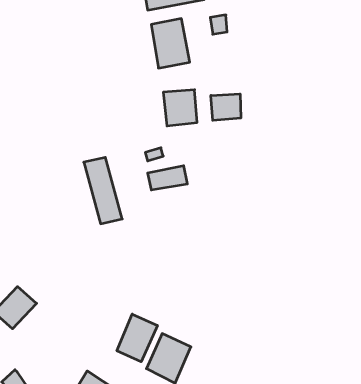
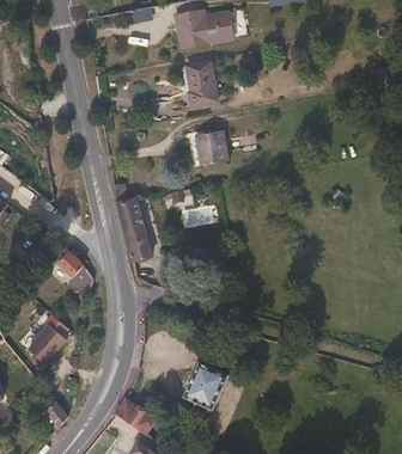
building: [211,94,241,120] -> none
building: none -> [48,247,92,289]
building: [117,314,157,362] -> none

